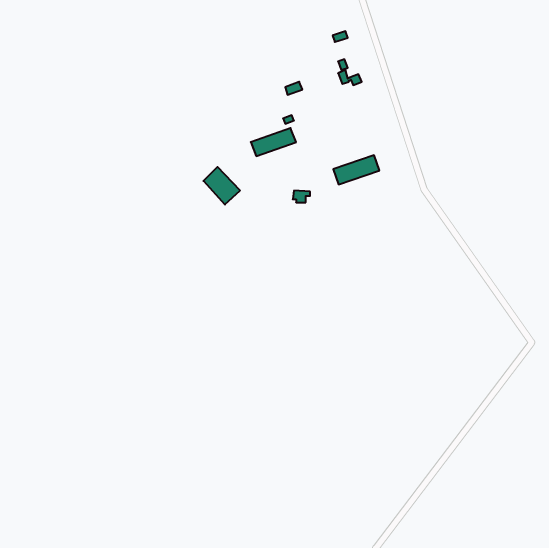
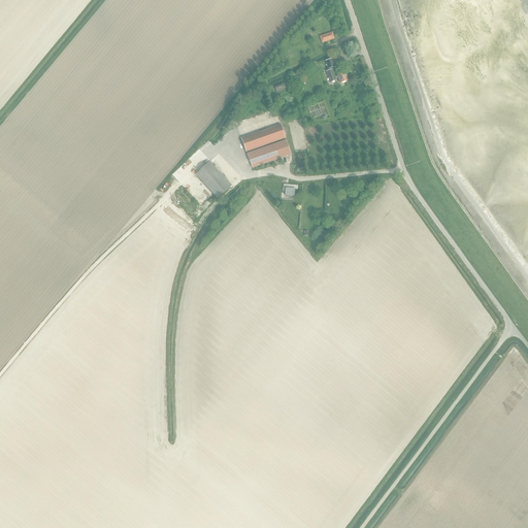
building: [333,155,379,184] -> [245,138,290,166]

